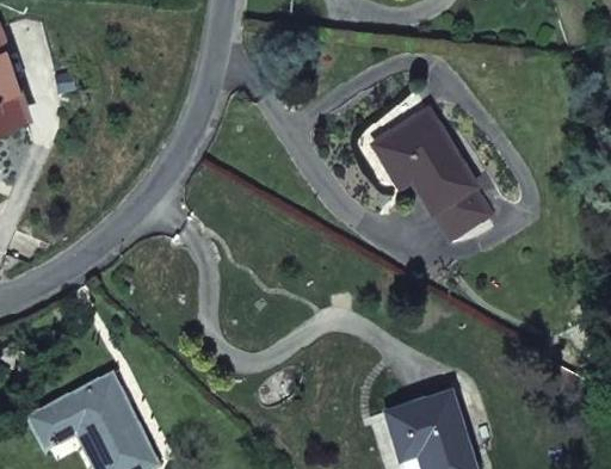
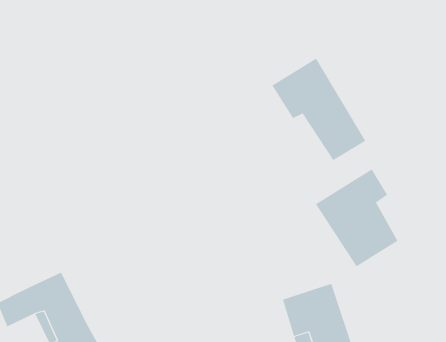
building: none -> [315,169,398,267]

